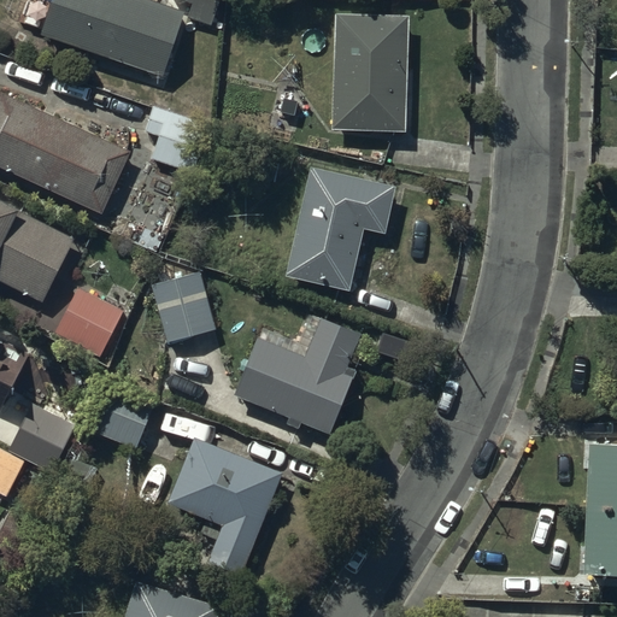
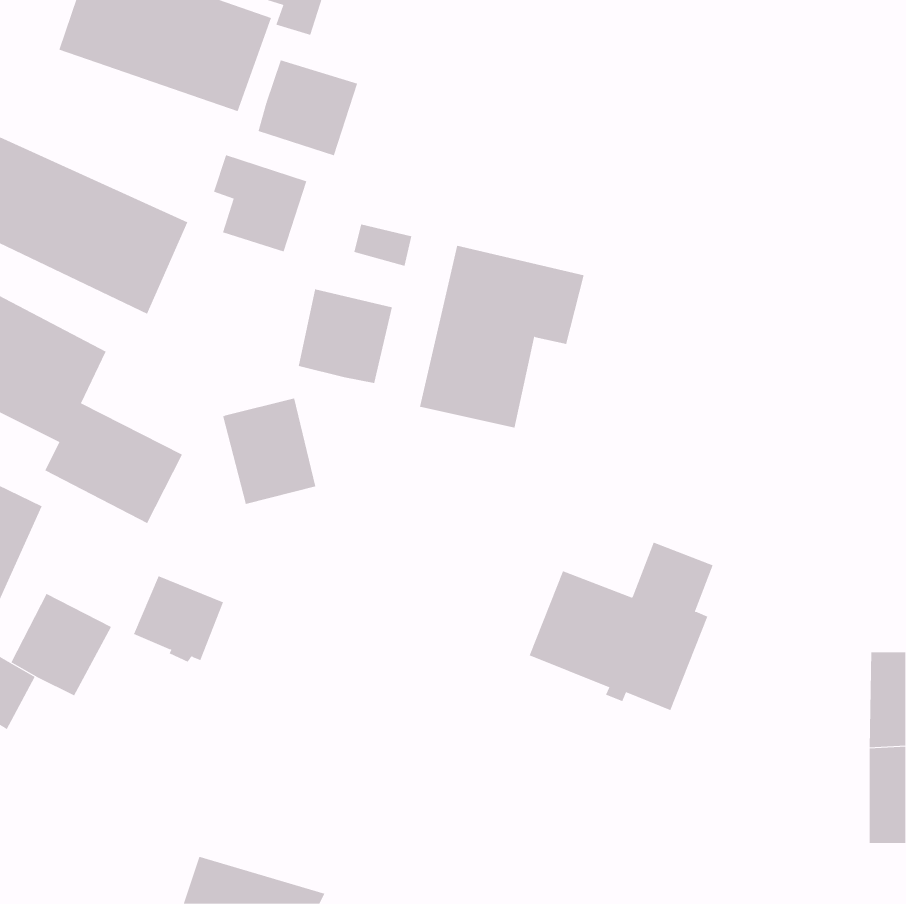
building: [331,17,407,131] -> none
building: none -> [258,60,358,156]
building: none -> [298,289,393,384]
building: [234,318,359,433] -> [529,542,713,711]
building: [169,436,282,575] -> none

